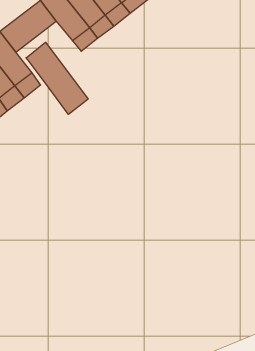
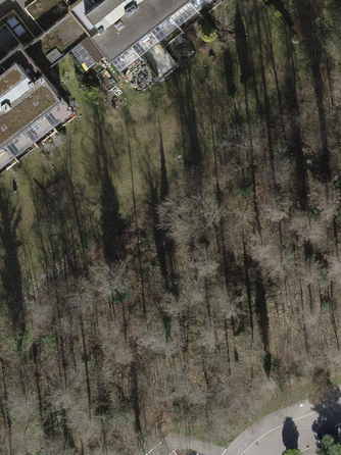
building: [26,42,88,114] -> none

